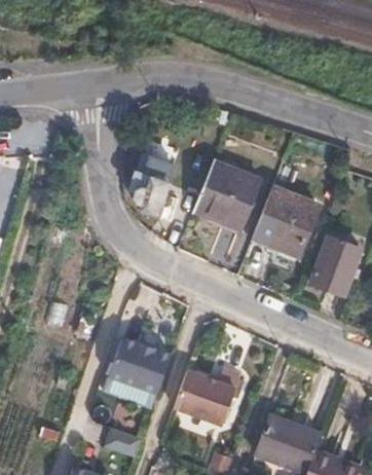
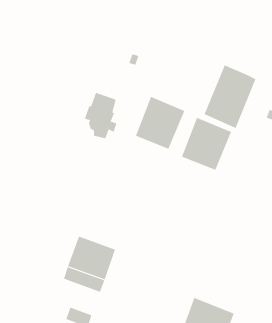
building: none -> [204,64,256,129]
building: [312,234,361,293] -> none
building: [175,370,240,427] -> none

